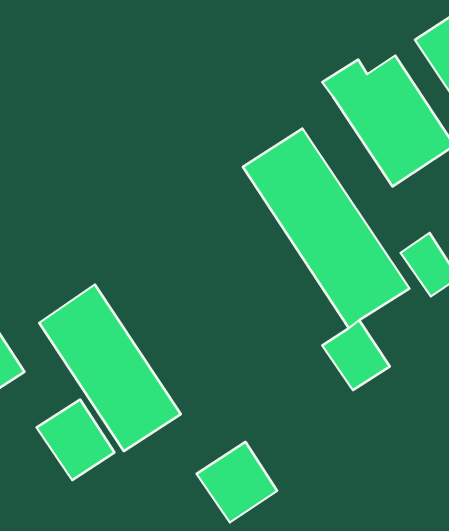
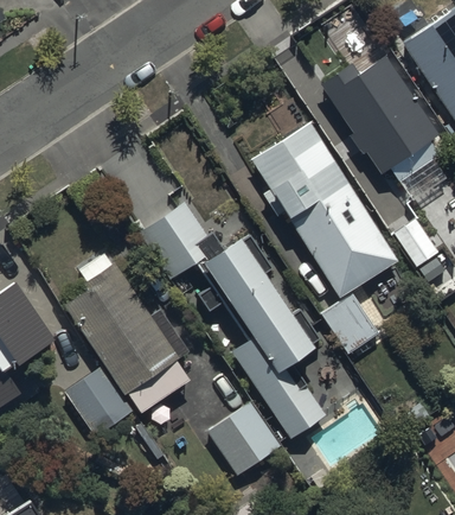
building: none -> [136,201,327,439]

